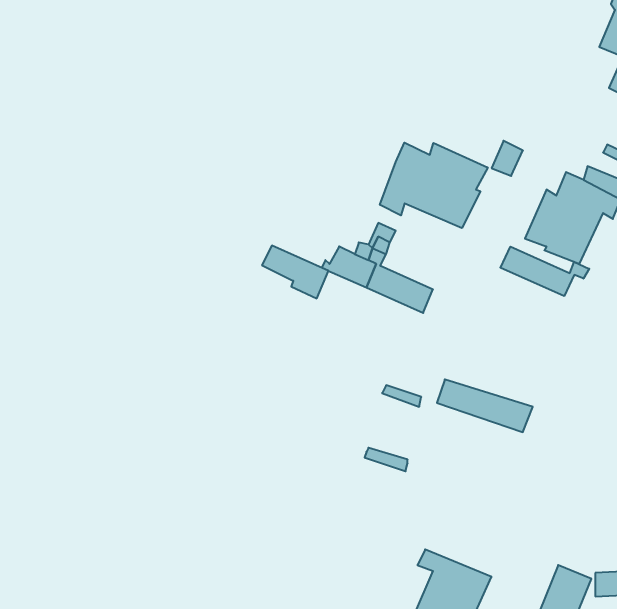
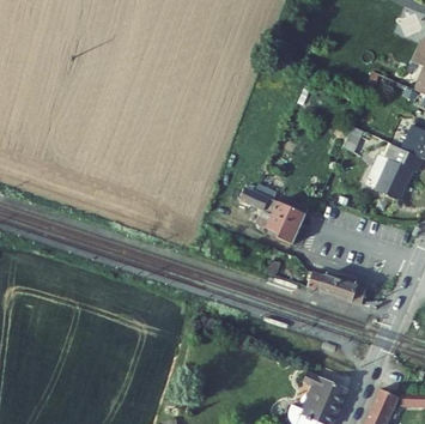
building: [380,143,488,228] -> none
building: [262,246,328,298] -> [260,212,300,244]
building: [500,247,589,296] -> none

